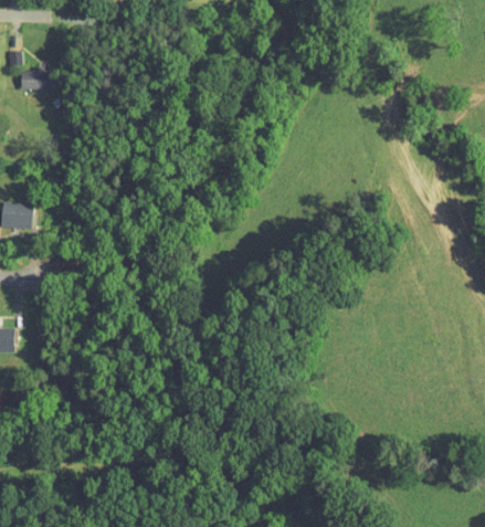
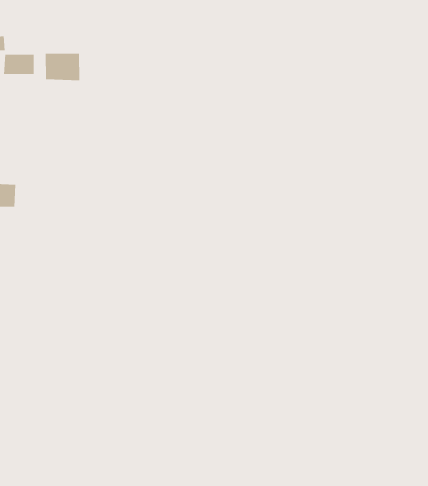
building: none -> [45,53,80,81]

